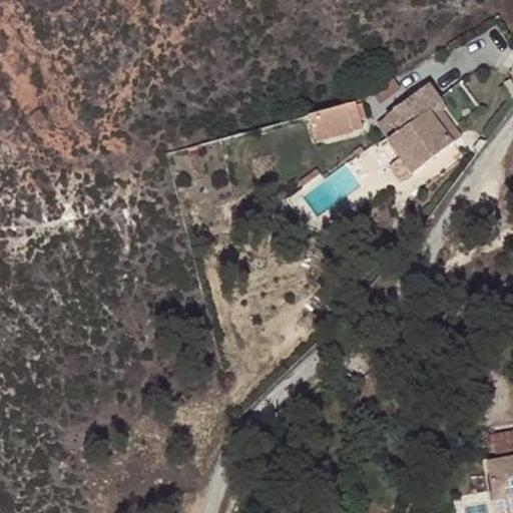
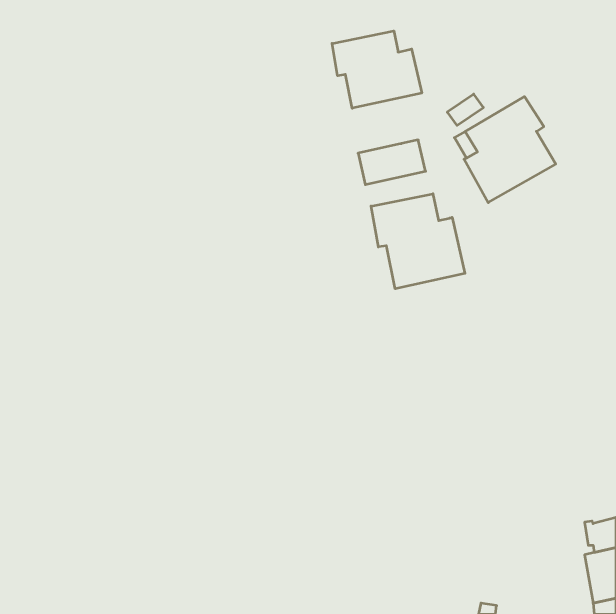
building: none -> [332,31,422,108]
building: none -> [371,194,465,289]

